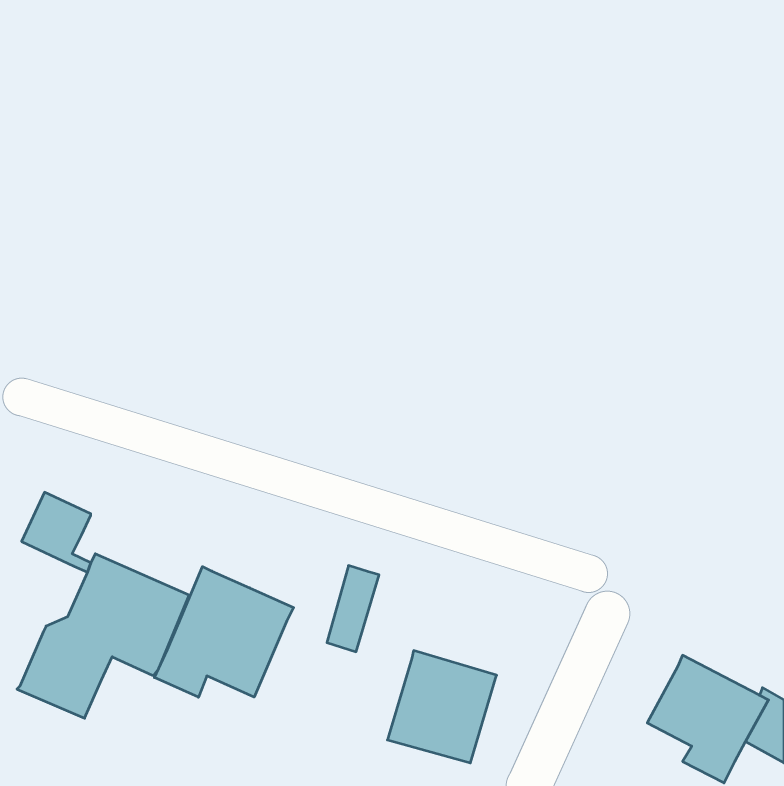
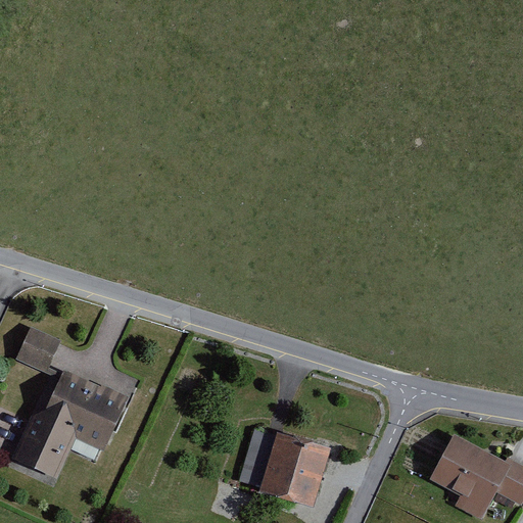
building: [327,566,379,652] -> [239,431,274,488]
building: [154,567,294,697] -> none

